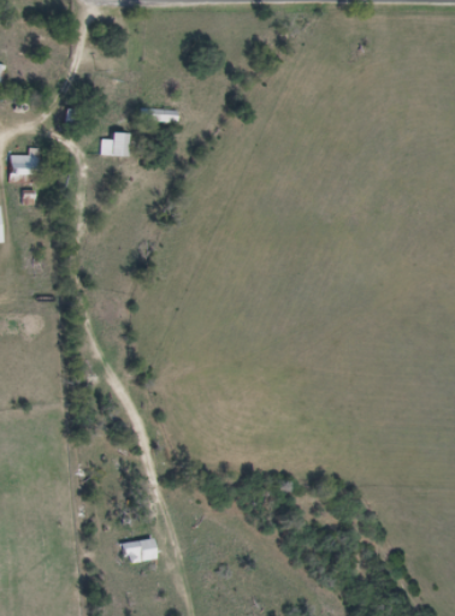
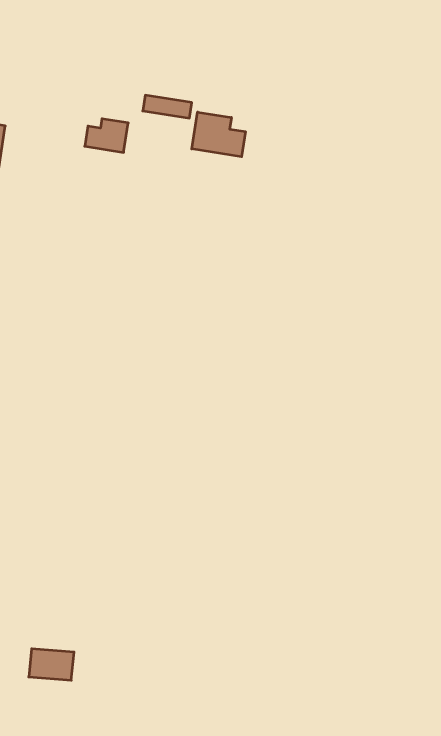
building: none -> [192,112,245,157]

